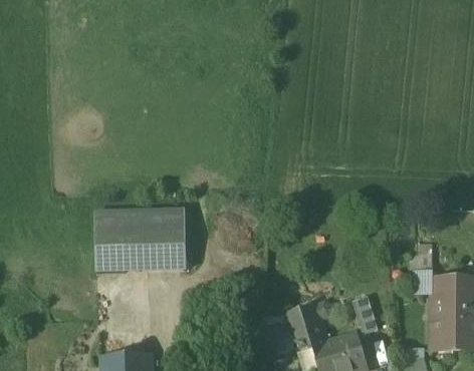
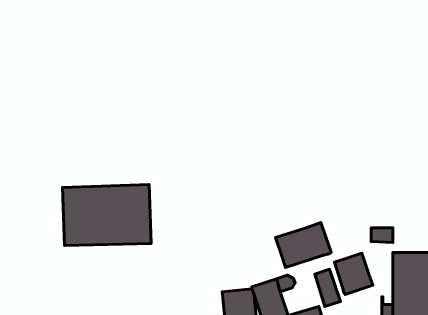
building: none -> [275,222,331,267]
building: none -> [334,253,373,295]

